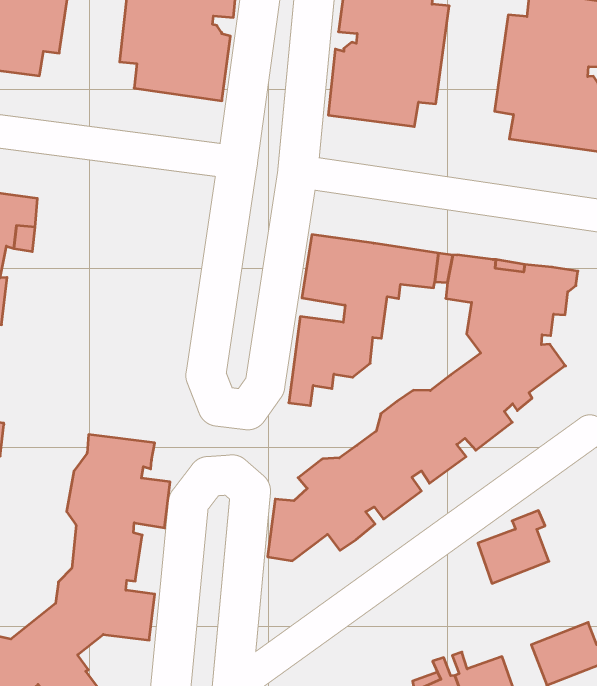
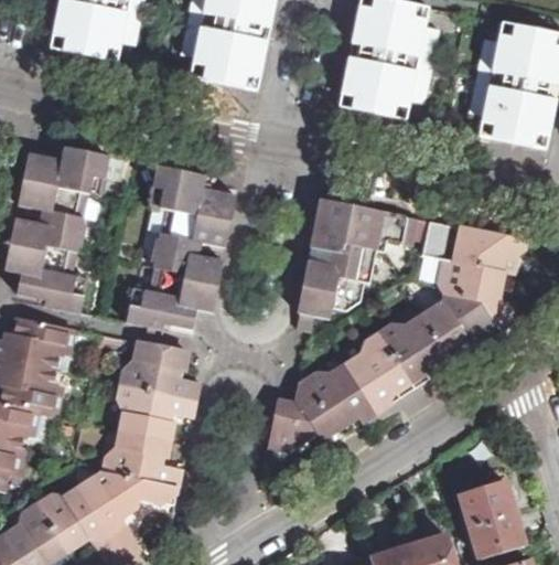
building: none -> [126,164,235,335]
building: [478,511,549,583] -> [460,472,514,526]

